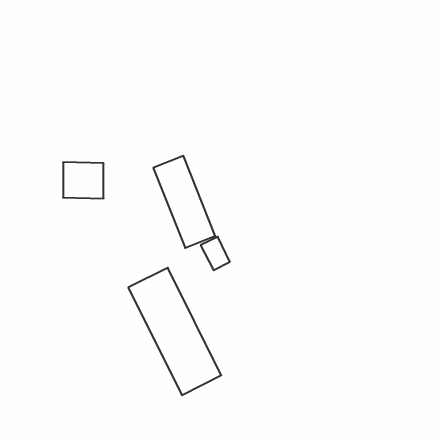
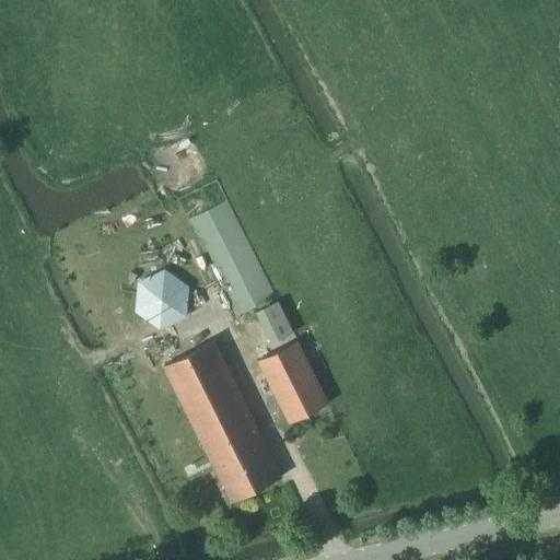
building: [63,162,104,198] -> [138,275,189,320]
building: none -> [257,341,328,423]

